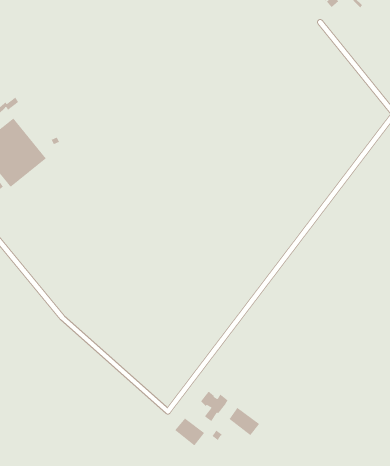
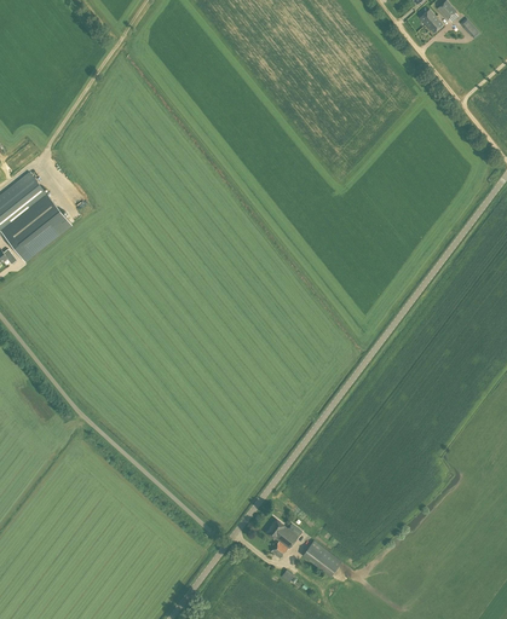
building: [174,417,205,446] -> none

